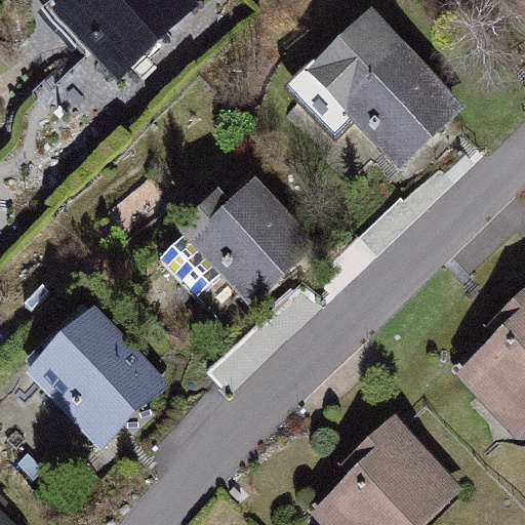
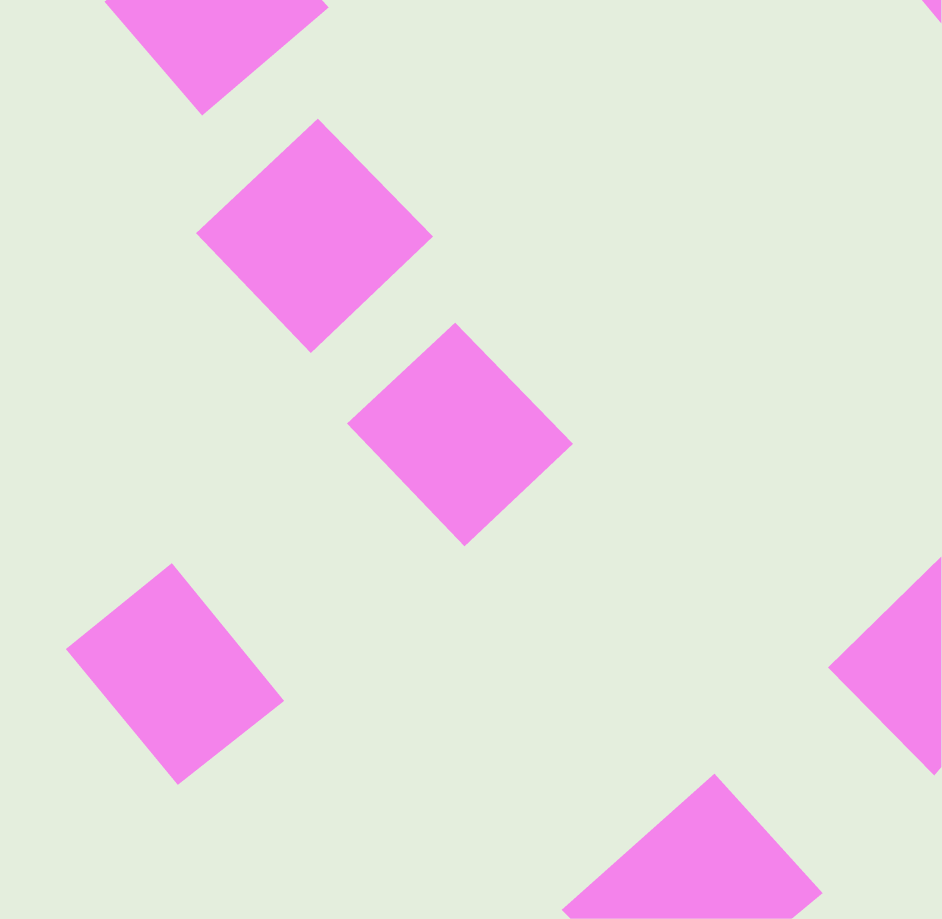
building: [319,21,452,161] -> none
building: none -> [195,118,434,354]

